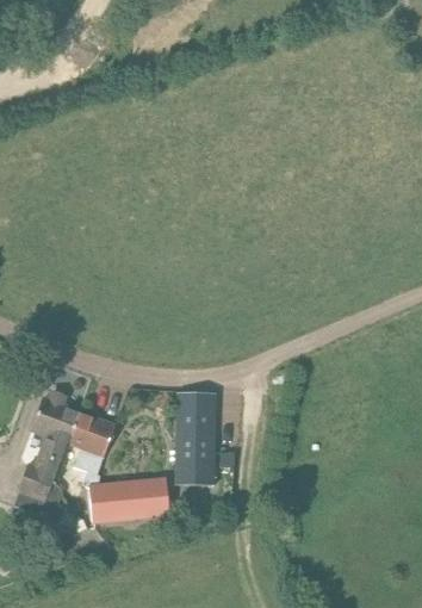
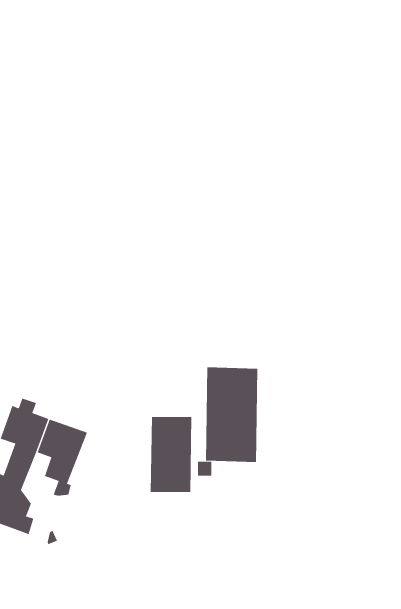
building: none -> [205,366,258,463]
building: [87,477,166,521] -> none

